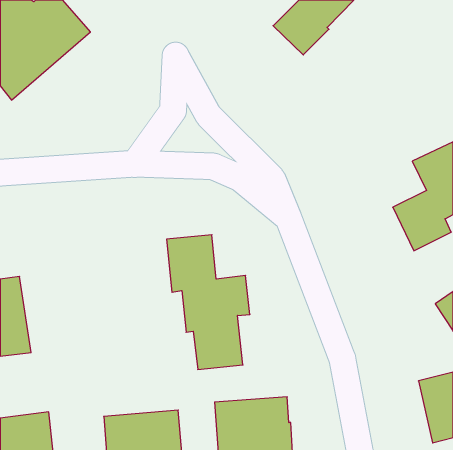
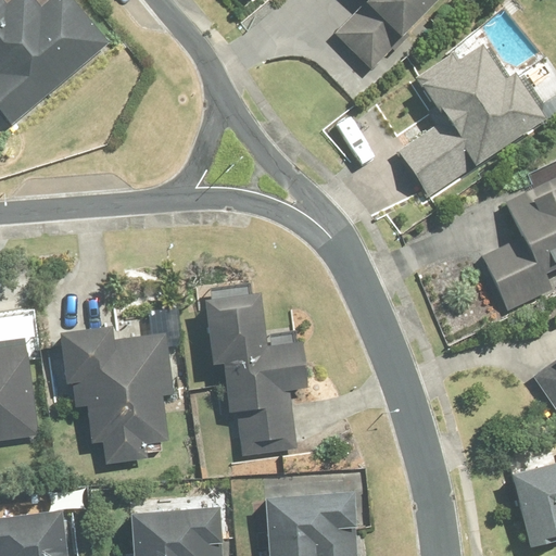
building: none -> [395,39,546,199]
building: none -> [56,324,173,464]

